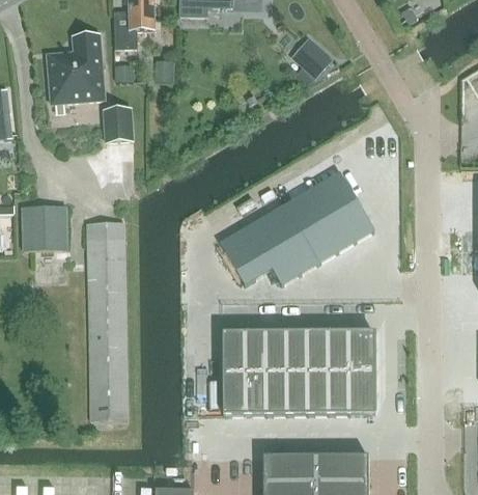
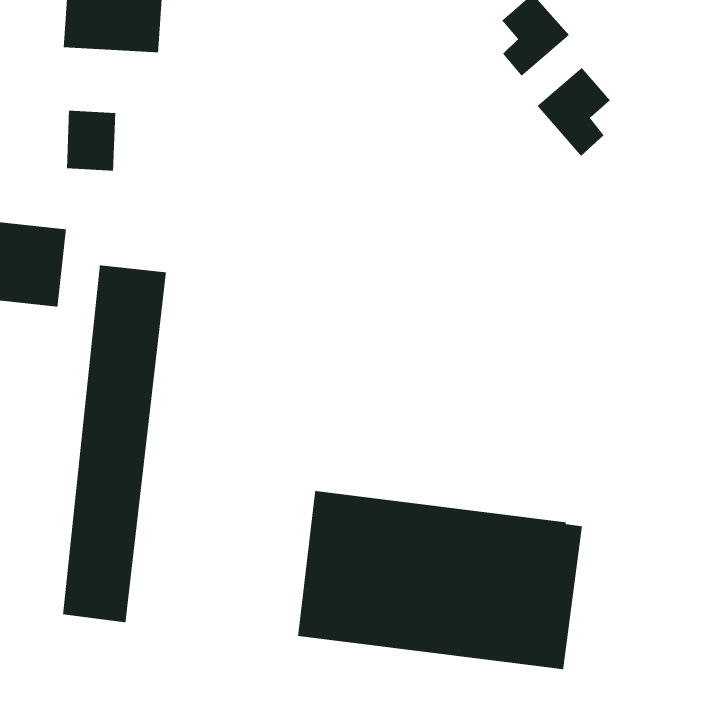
building: none -> [536,67,611,157]
building: [103,107,133,142] -> [66,110,116,172]
building: [221,170,376,284] -> none

